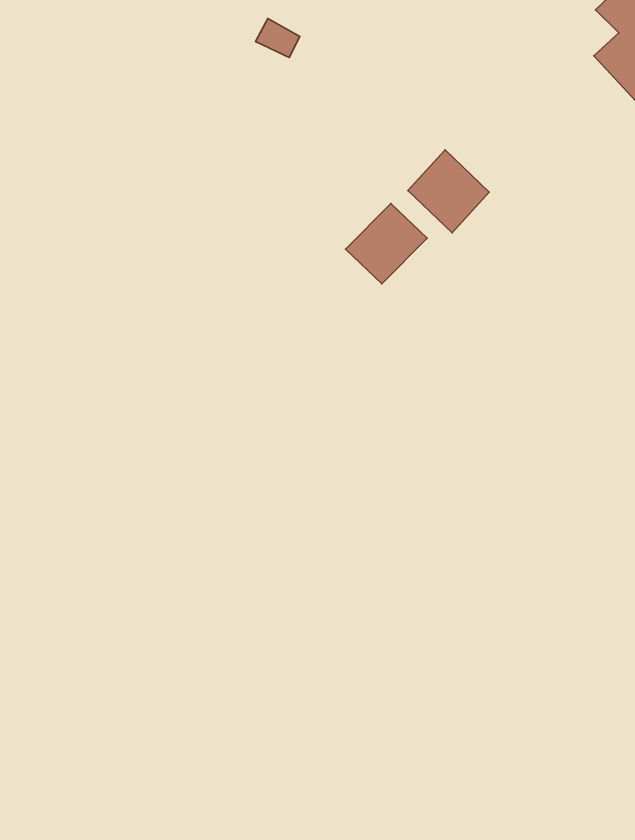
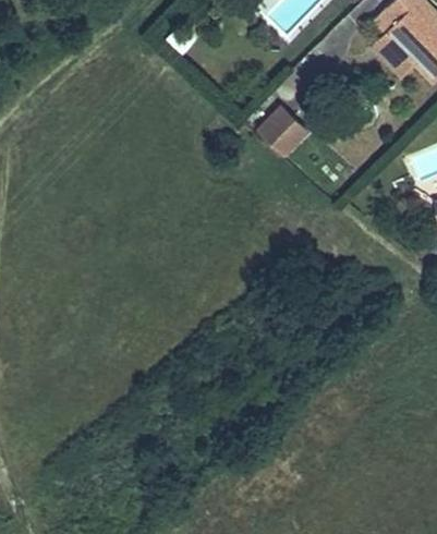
building: [346,204,427,284] -> none

